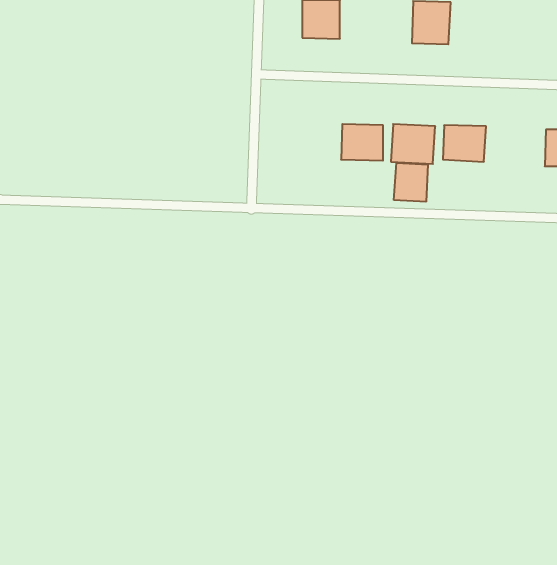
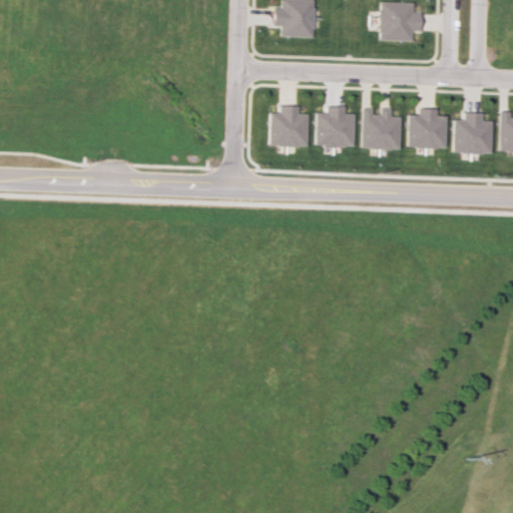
building: none -> [272,112,310,146]
building: none -> [453,116,493,152]
building: [394,163,428,202] -> none

